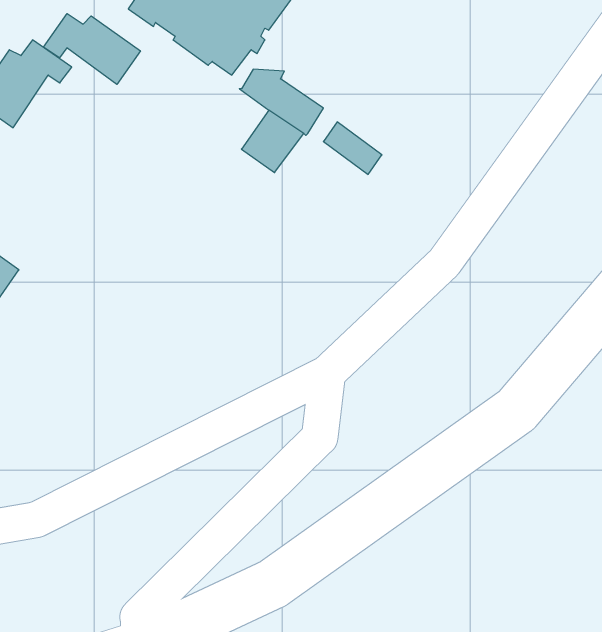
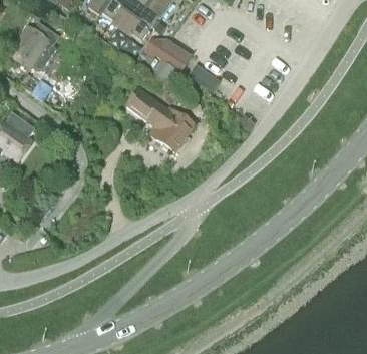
building: [44,14,140,84] -> none
building: none -> [127,88,195,151]

